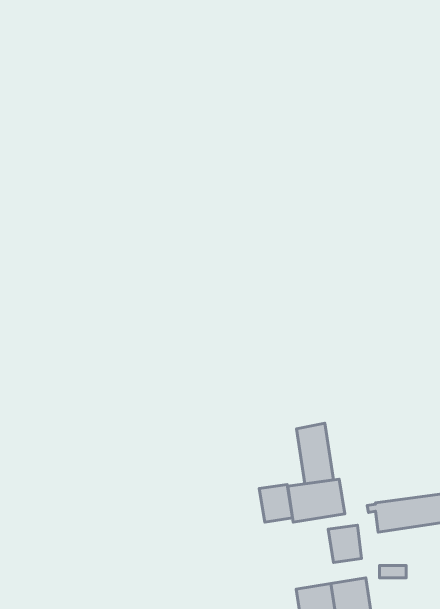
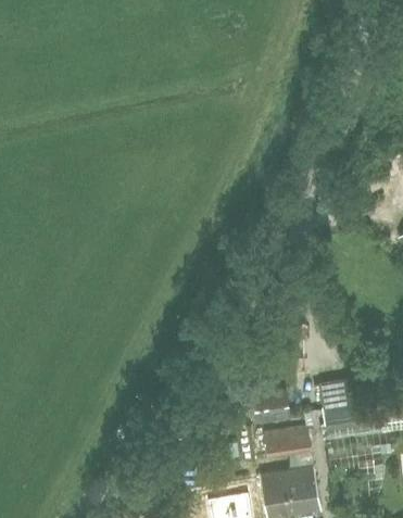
building: [296,423,334,484] -> none
building: [259,484,293,522] -> [263,428,289,457]

